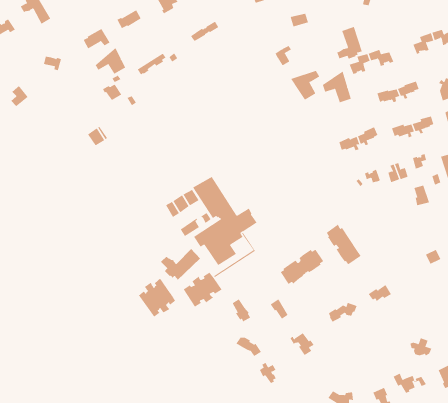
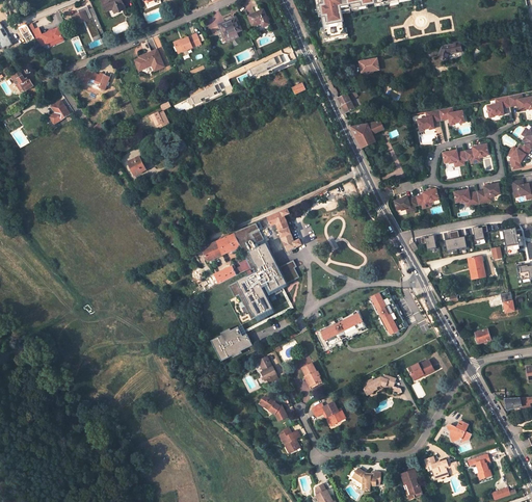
building: [337,26,363,59] -> none
building: [95,47,126,74] -> none
building: [322,70,351,103] -> none
building: none -> [267,208,301,252]
building: [160,248,201,281] -> none
building: [138,278,176,317] -> none

